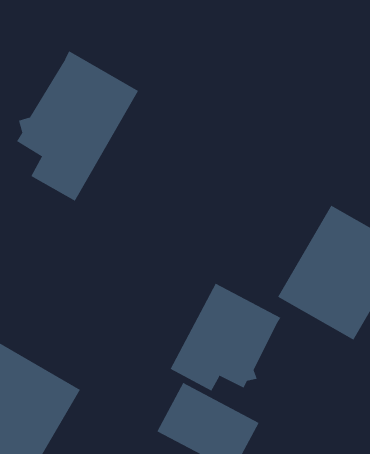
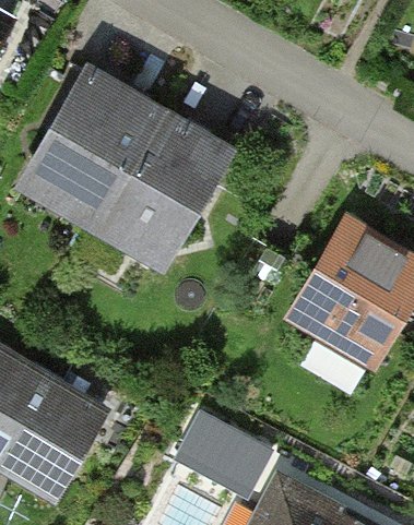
building: none -> [96,115,227,249]
building: [170,283,281,391] -> none

